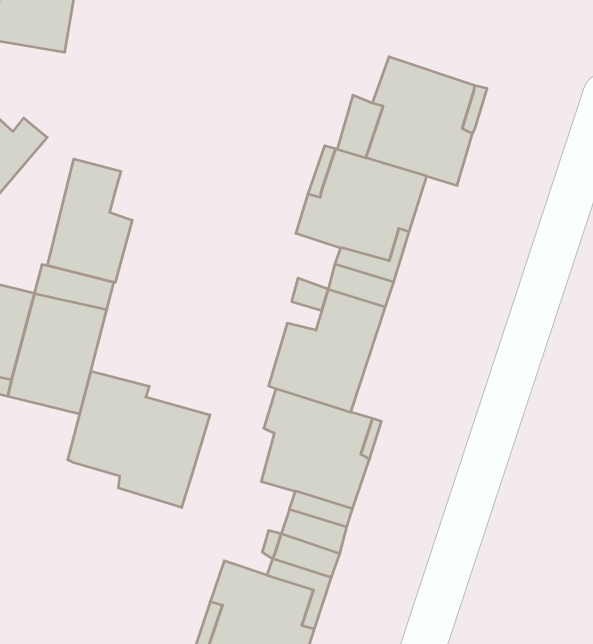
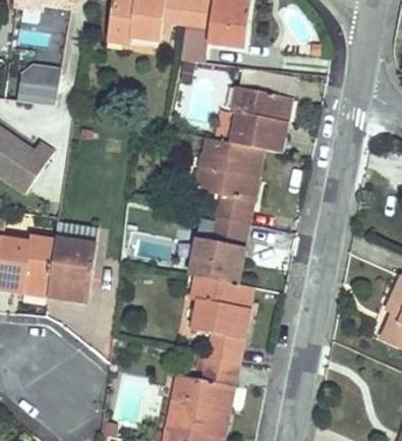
building: [48,159,132,282] -> none
building: [68,371,210,508] -> none

